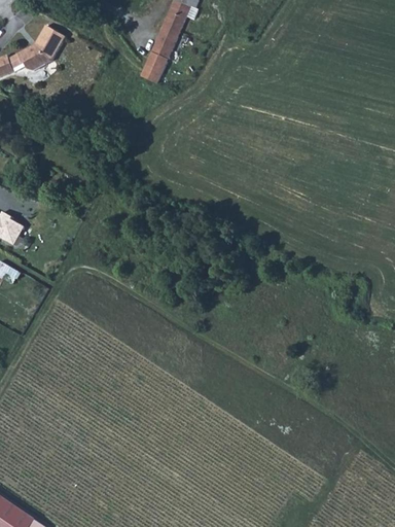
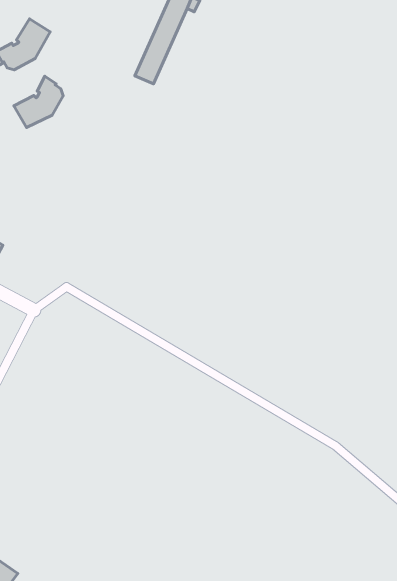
building: none -> [14,76,63,127]

